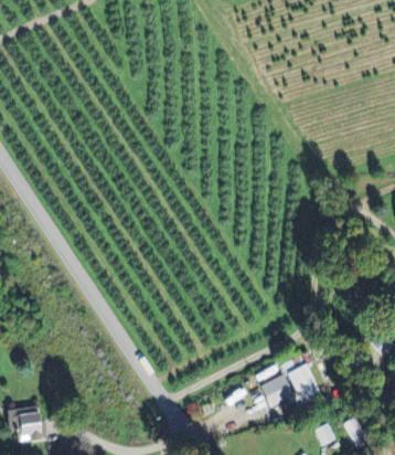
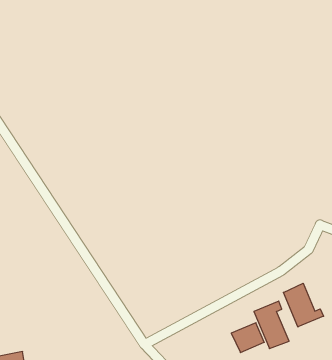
building: none -> [283,283,324,327]

